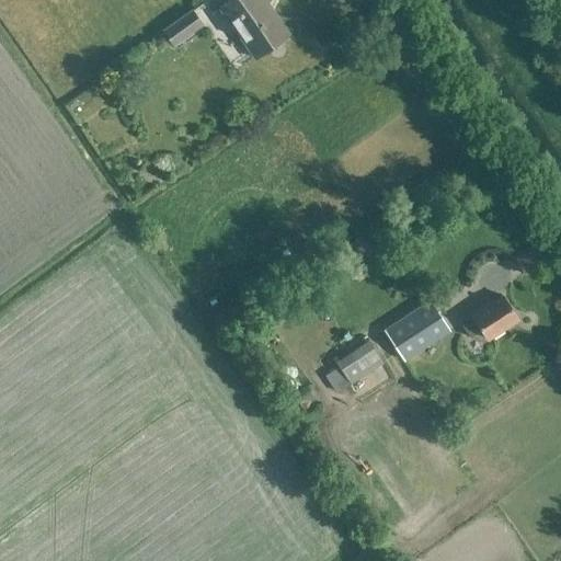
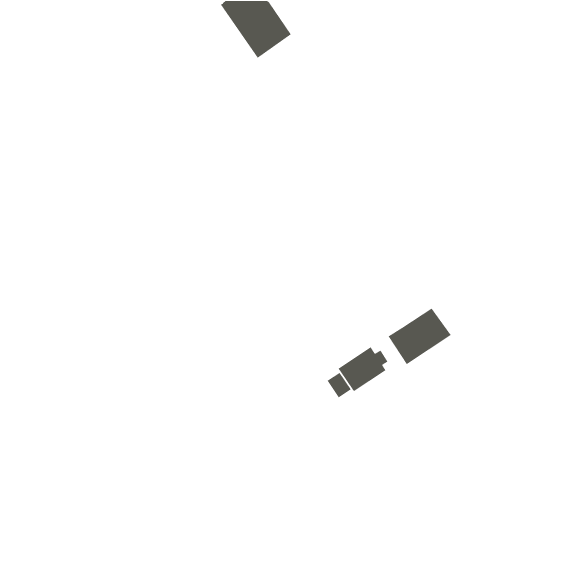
building: [163,8,204,44] -> none
building: [463,294,522,340] -> none

